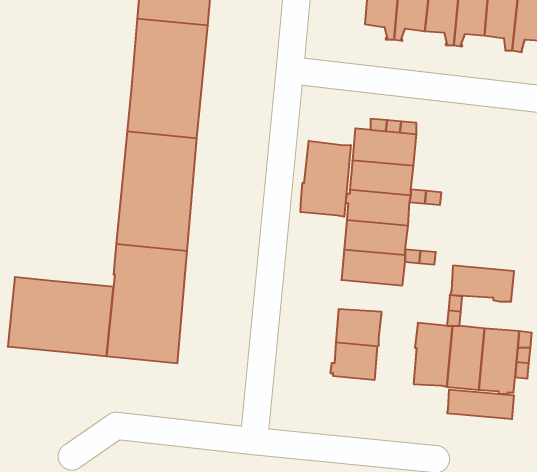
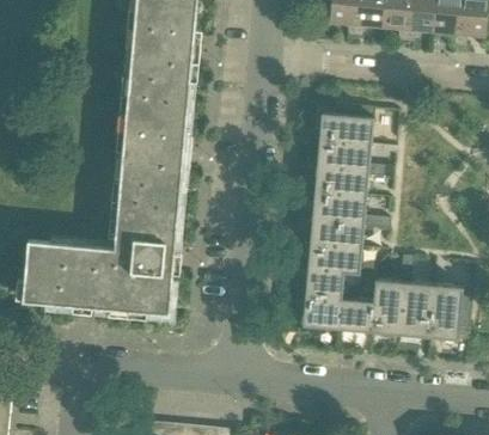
building: [301,141,351,217] -> none
building: [450,266,514,302] -> [307,243,362,274]
building: none -> [338,299,374,332]
building: [447,389,514,419] -> none

